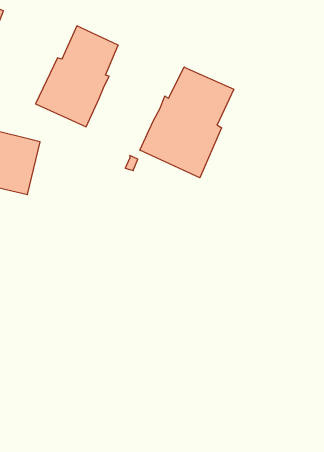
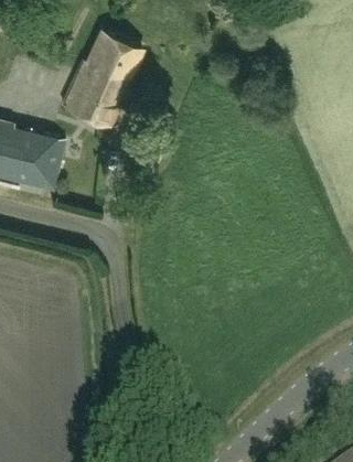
building: [140,67,234,178] -> none

